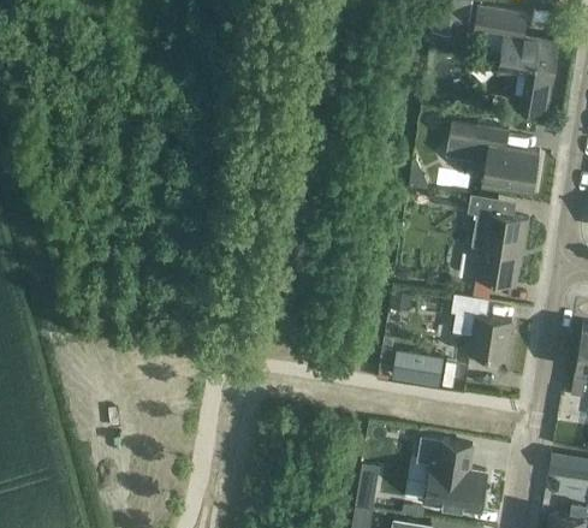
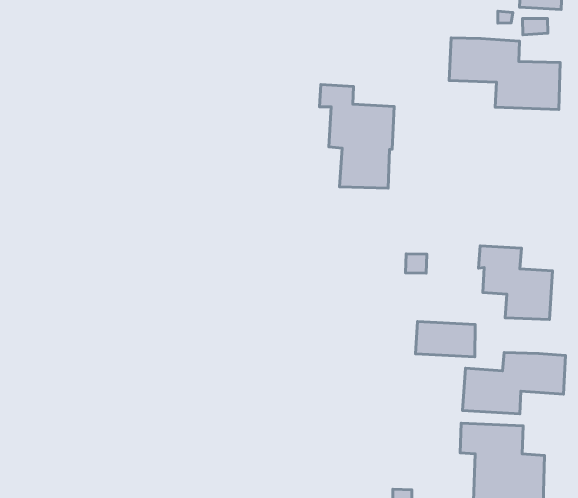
building: [468,195,529,286] -> [319,85,394,188]
building: none -> [463,352,565,414]

